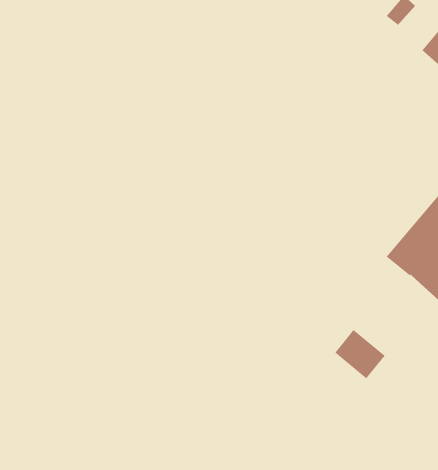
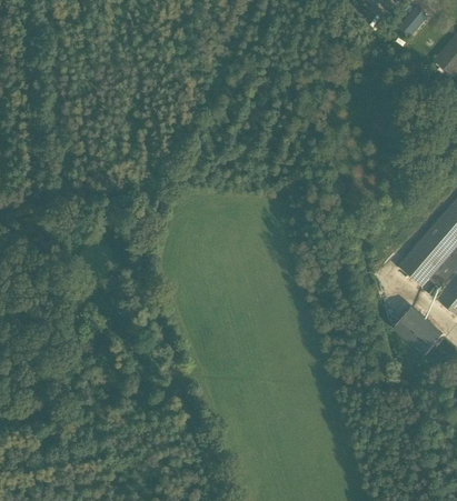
building: [334,329,385,379] -> [394,304,445,354]

